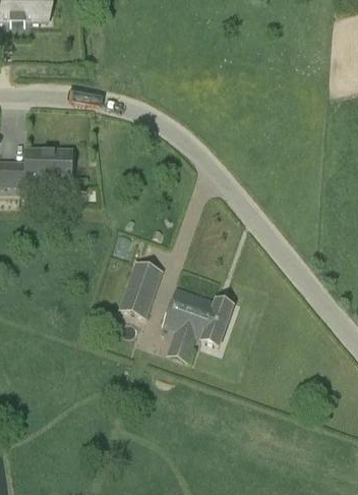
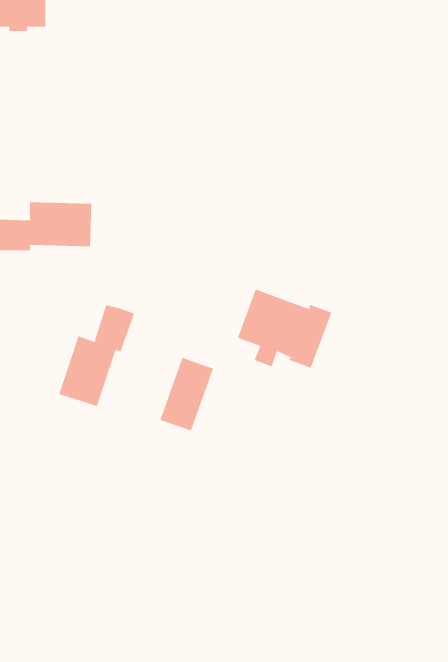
building: none -> [58,304,135,407]
building: [165,286,234,344] -> [237,289,332,369]

